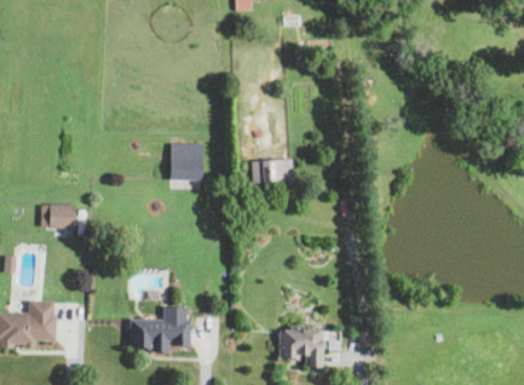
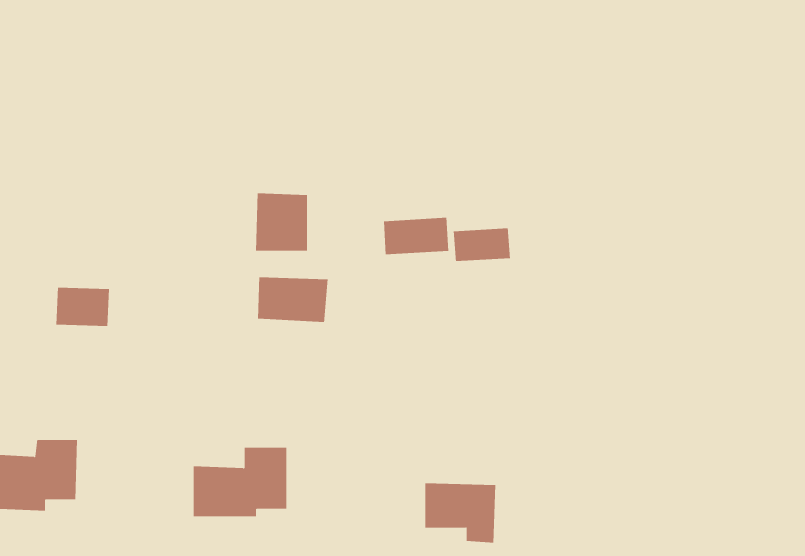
building: none -> [453,228,510,262]
building: none -> [258,277,328,323]

